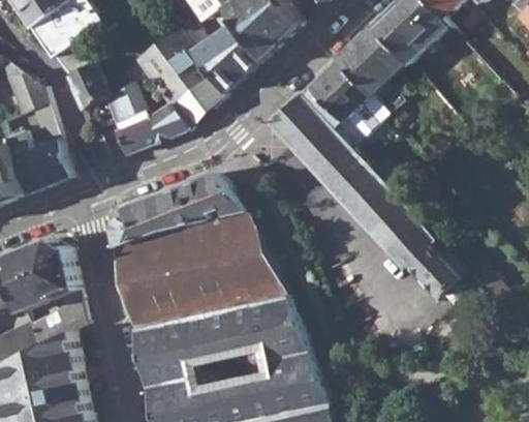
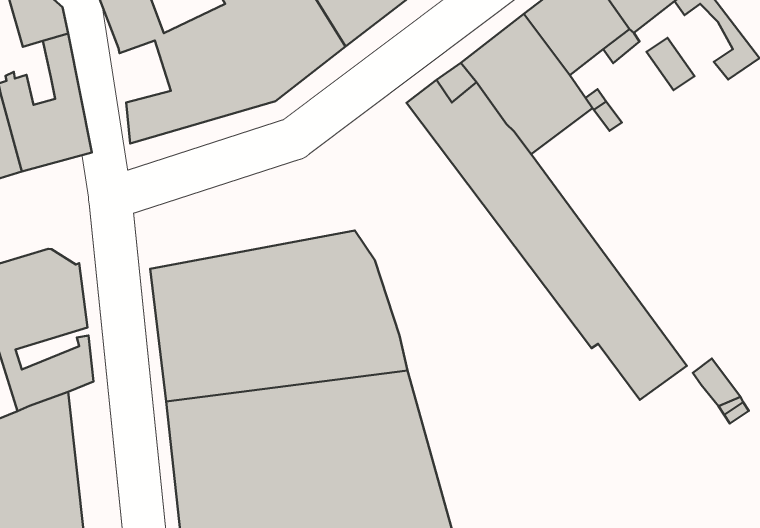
building: [110,172,241,245] -> none

